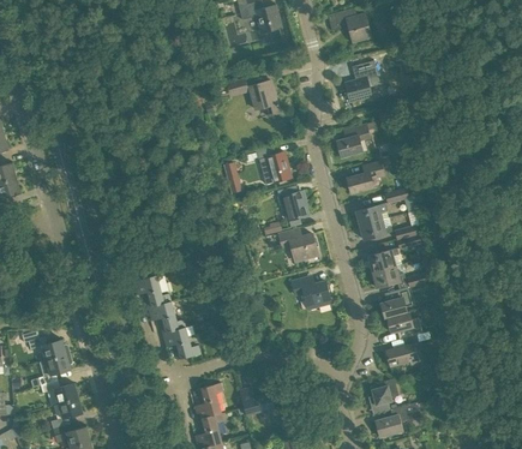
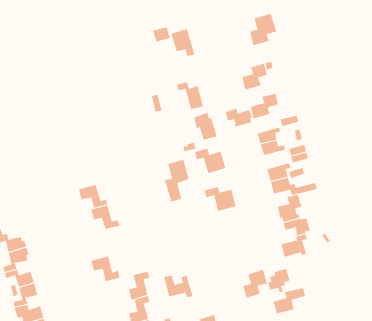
building: none -> [225,108,253,128]
building: none -> [164,159,190,202]
building: [162,327,199,359] -> [91,256,120,282]
building: none -> [242,269,268,299]

